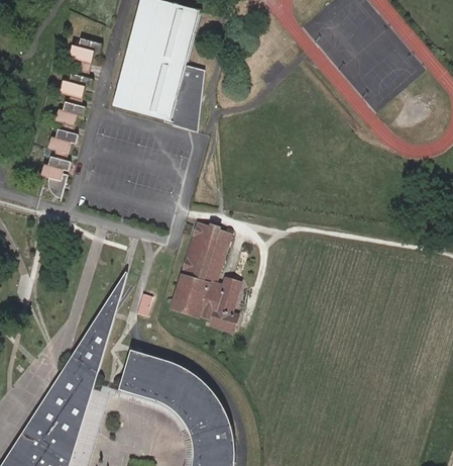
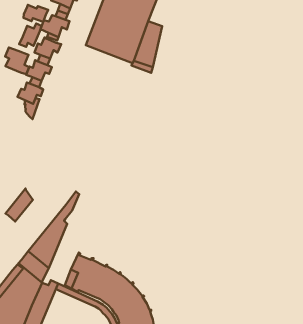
building: none -> [23,5,48,22]
building: none -> [19,24,41,47]
building: none -> [5,47,29,74]
building: [172,225,240,330] -> none
building: none -> [6,188,33,221]

